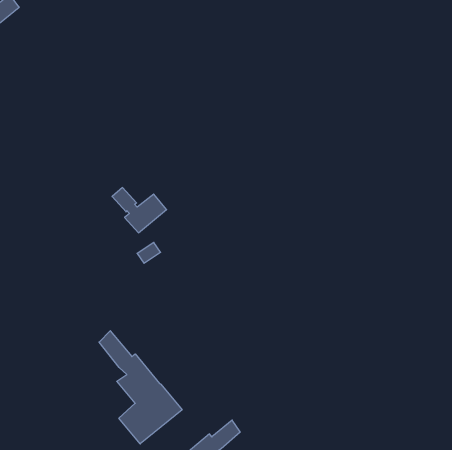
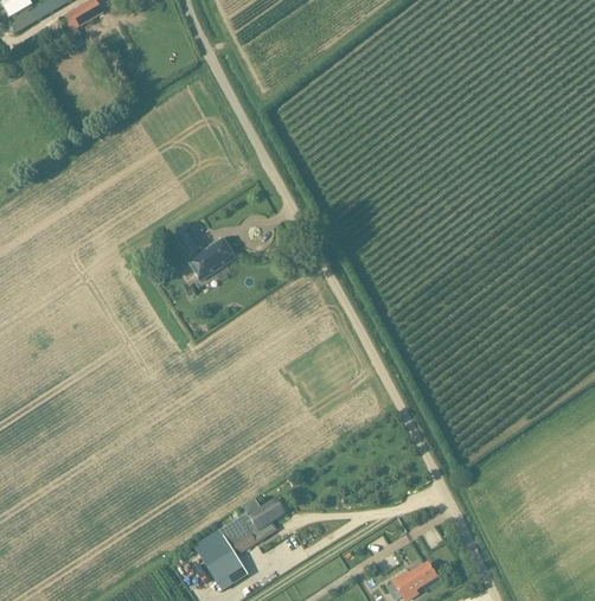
building: [99,331,182,444] -> none

